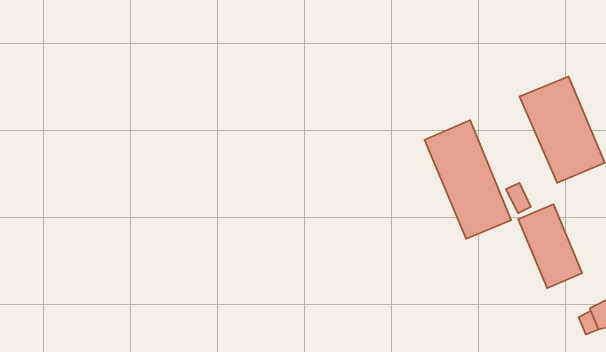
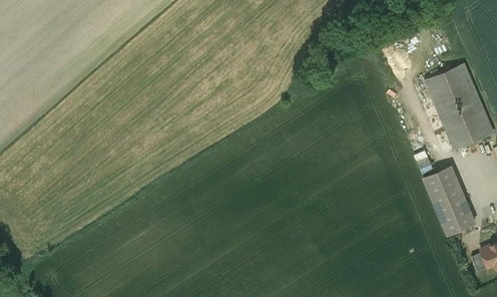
building: [425,120,511,239] -> none

